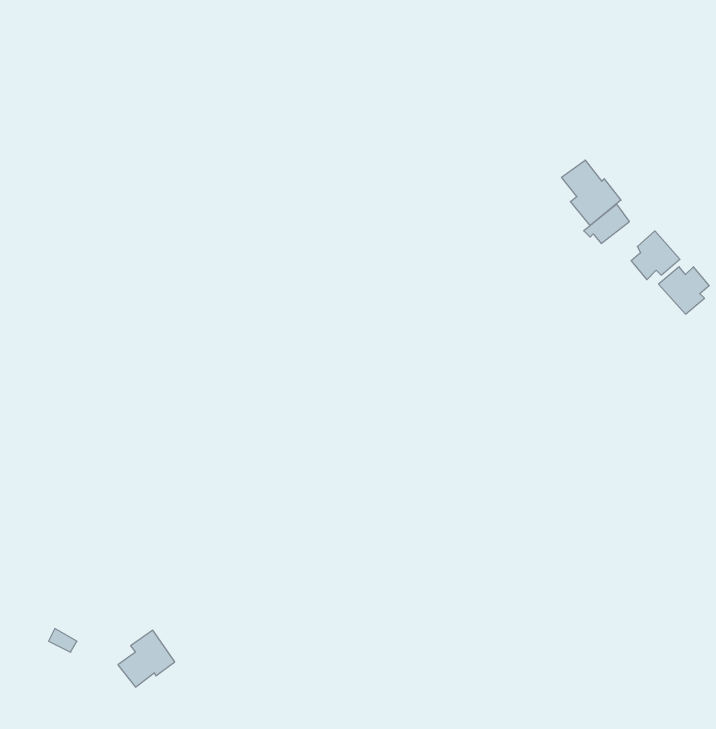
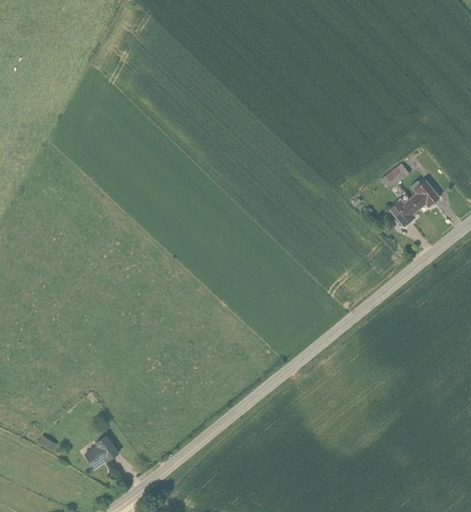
building: [562,160,621,226] -> none
building: [659,267,709,314] -> [387,198,419,228]

